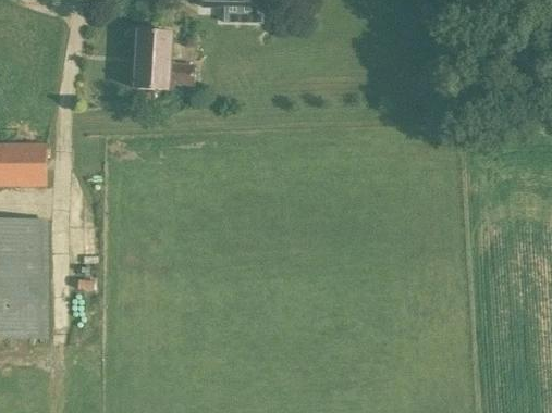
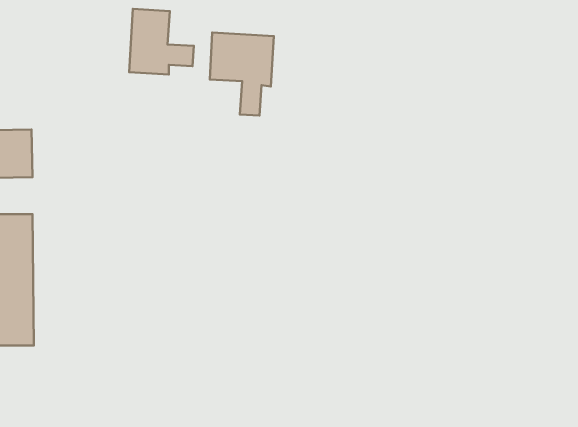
building: none -> [210,32,274,116]

